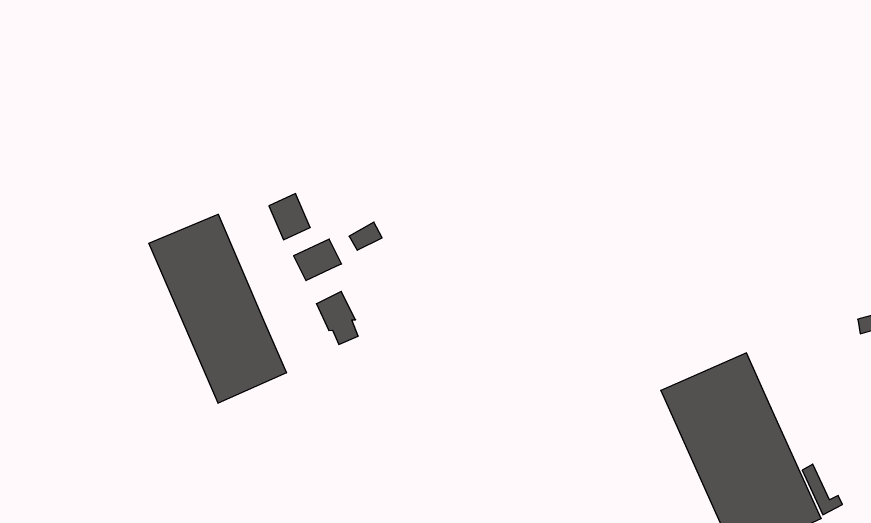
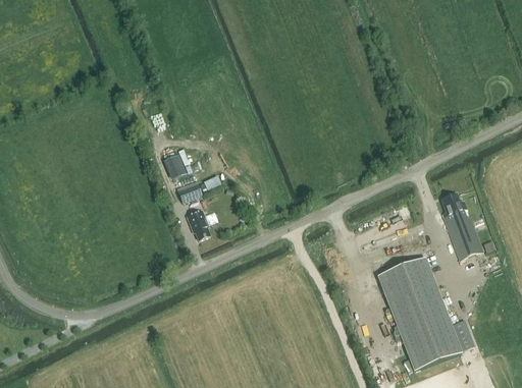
building: [149,214,286,403] -> none
building: none -> [439,191,483,259]

